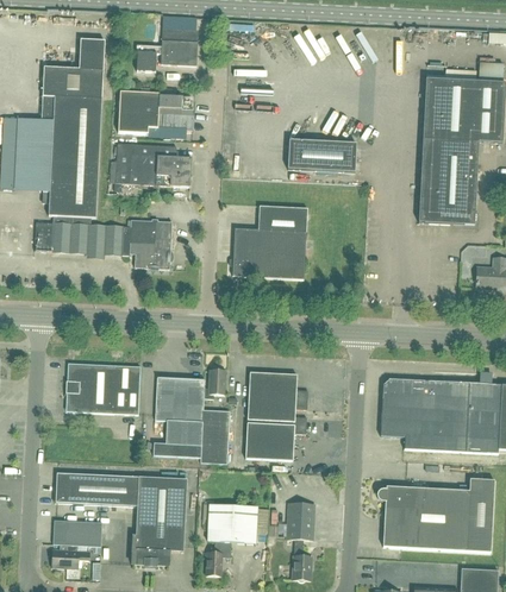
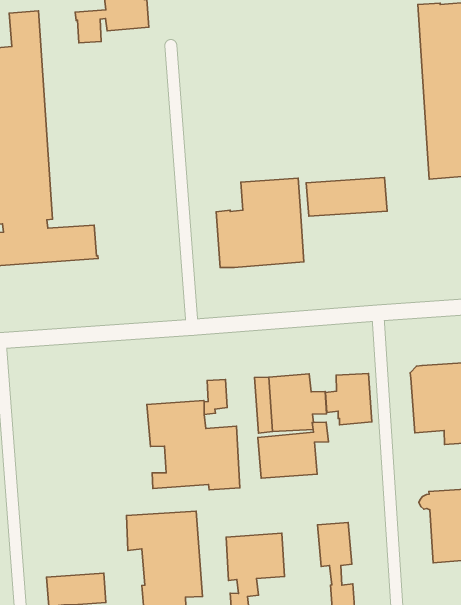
building: [118,90,195,132] -> none
building: [289,139,357,171] -> [306,178,387,216]
building: [108,143,192,189] -> none
building: [129,219,171,267] -> none
building: [65,361,140,414] -> none
building: none -> [325,373,372,425]
building: [57,472,127,504] -> none

